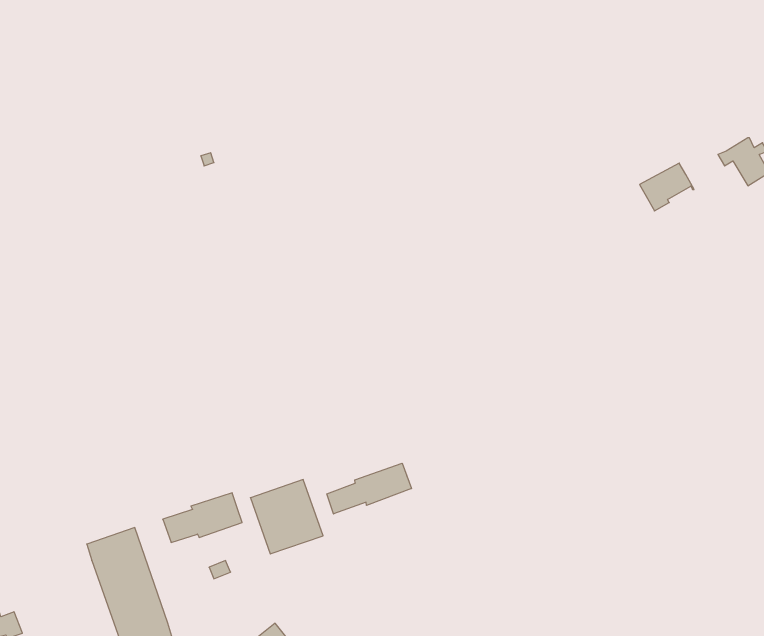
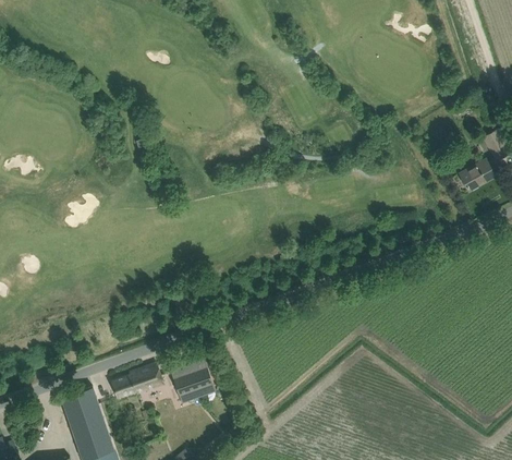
building: [640,163,694,211] -> [459,160,495,192]
building: [327,463,411,514] -> none

